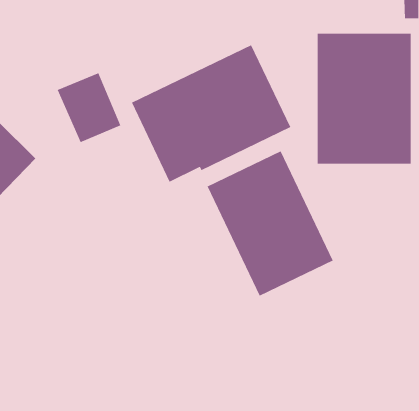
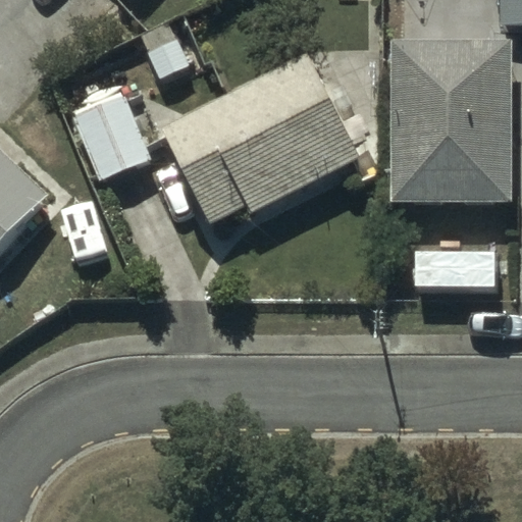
building: [207,151,334,297] -> none

